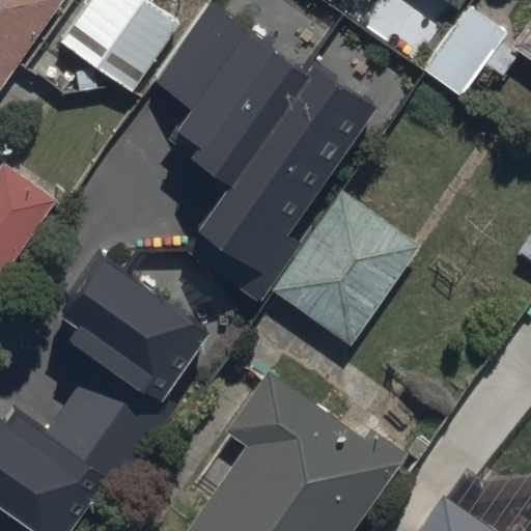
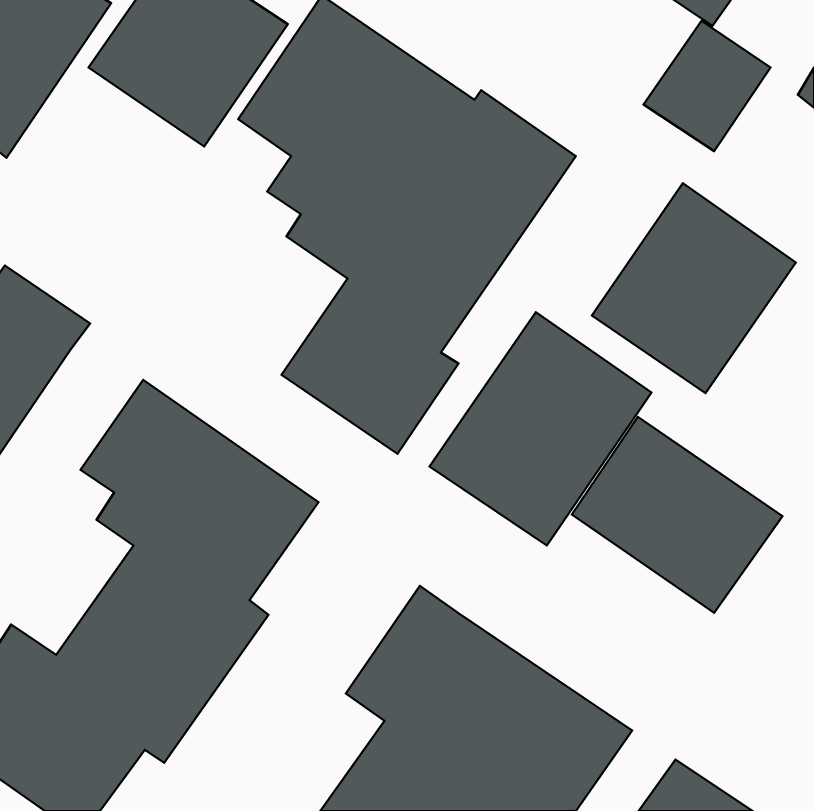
building: none -> [592,183,796,393]
building: none -> [572,417,782,613]

